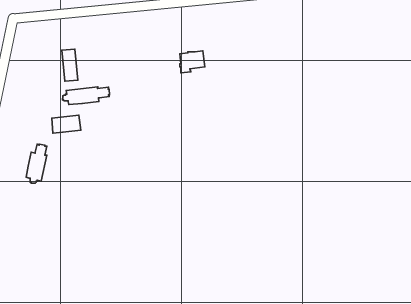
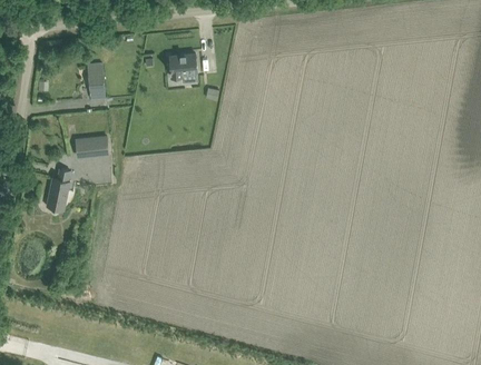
building: [180,51,205,73] -> [169,53,197,78]
building: [62,87,110,105] -> none

